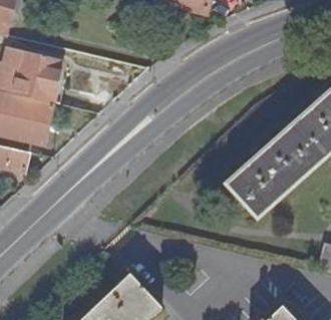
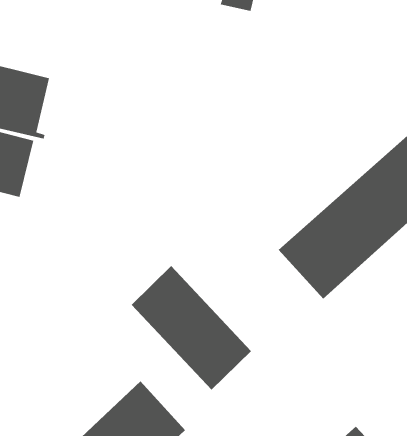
building: none -> [131,265,252,391]

